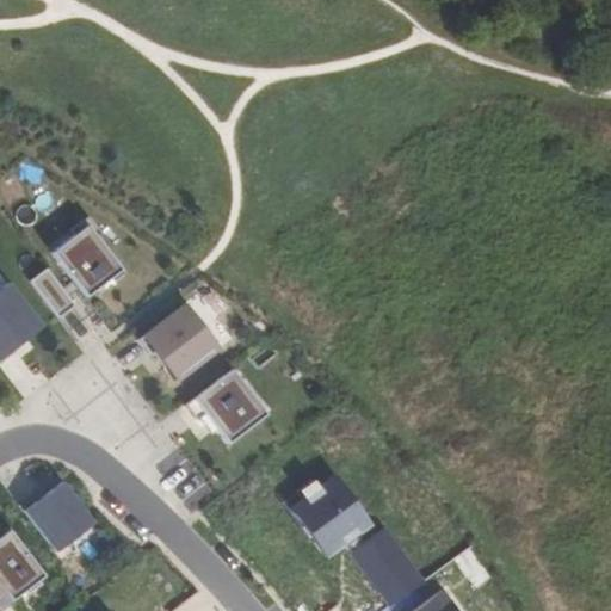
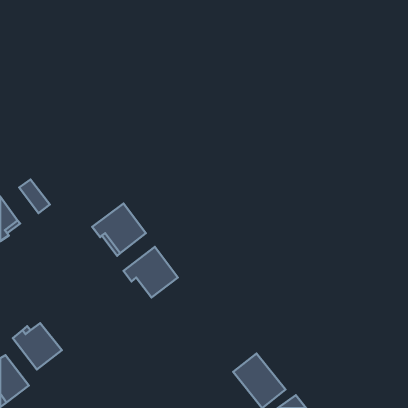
building: [53,223,123,296] -> none
building: [290,474,369,555] -> none

